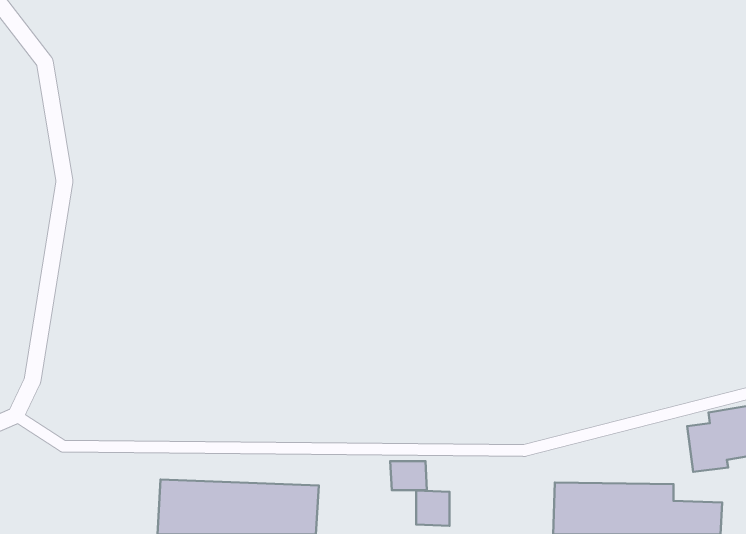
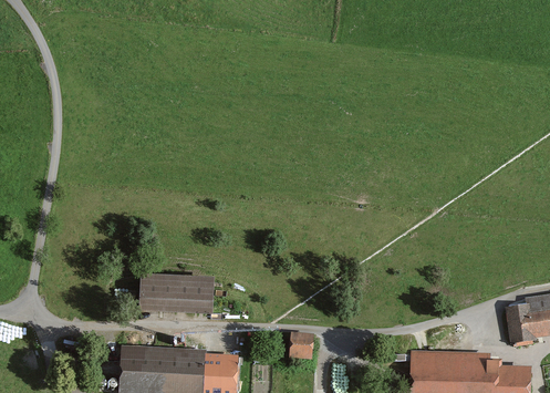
building: none -> [142,278,215,312]
building: [416,490,450,526] -> none

